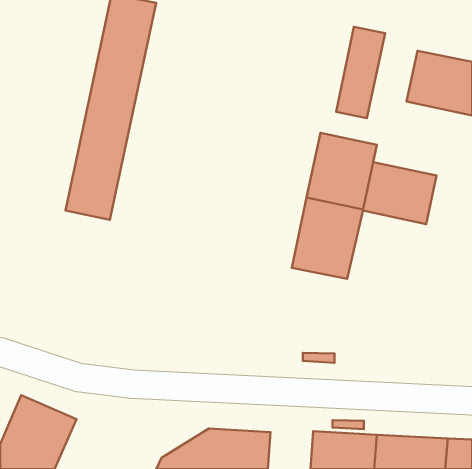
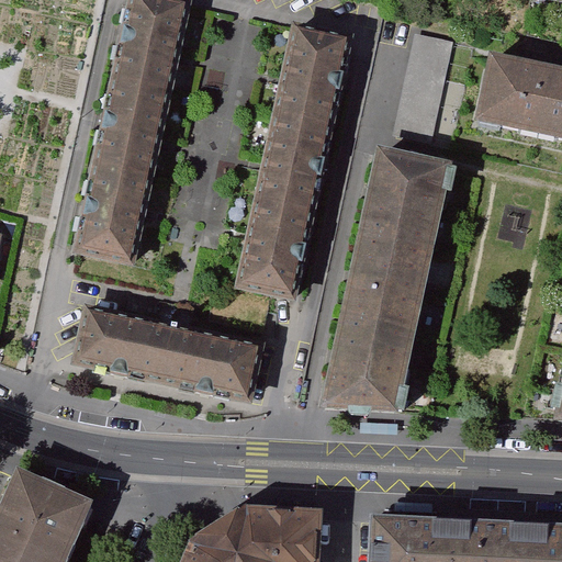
building: none -> [236,26,344,294]
building: [363,162,436,224] -> none
building: none -> [80,310,258,397]
building: none -> [327,318,413,414]

